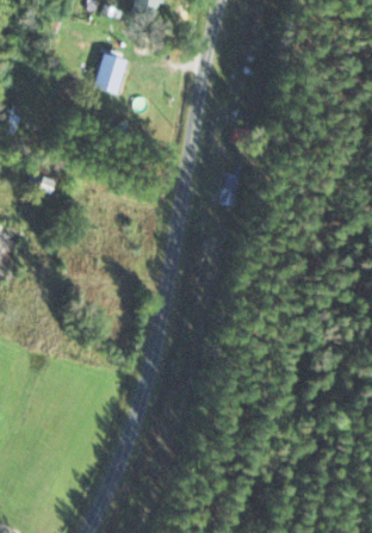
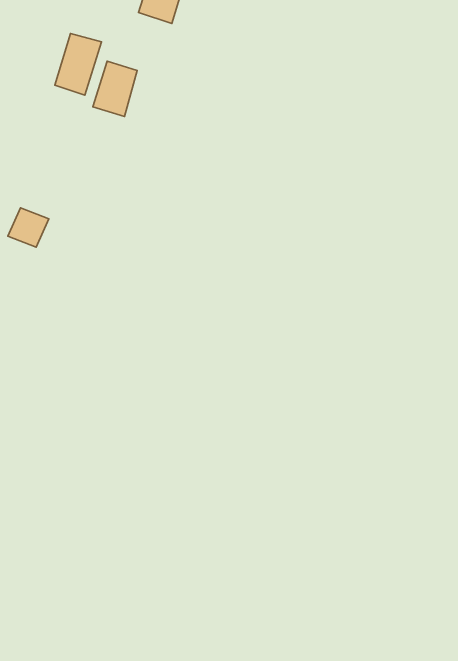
building: none -> [55,33,101,95]

